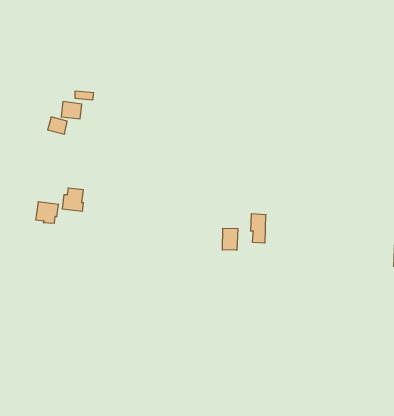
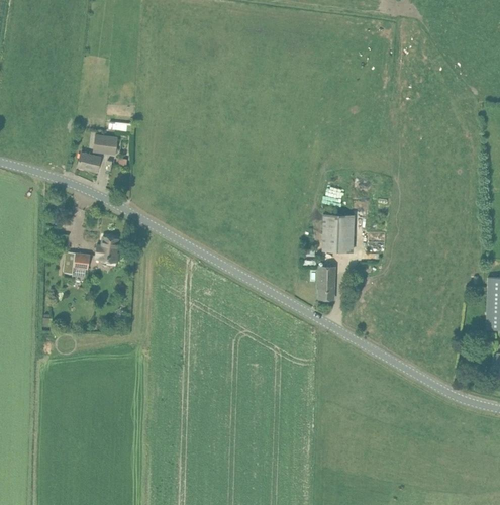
building: none -> [323,214,355,251]
building: [222,228,238,250] -> none

